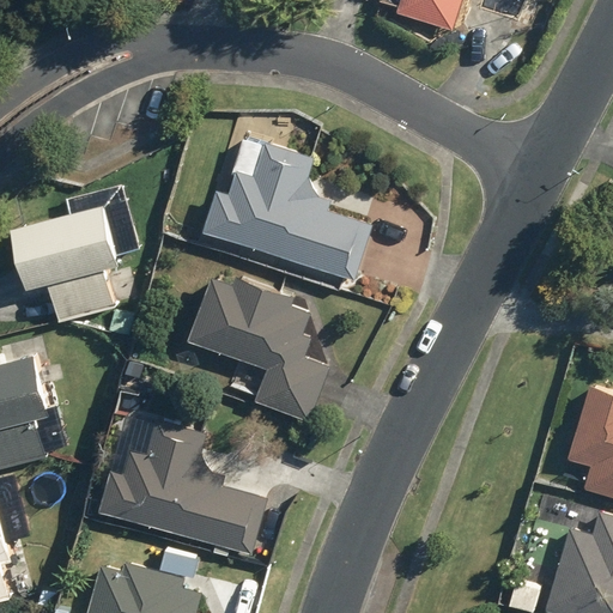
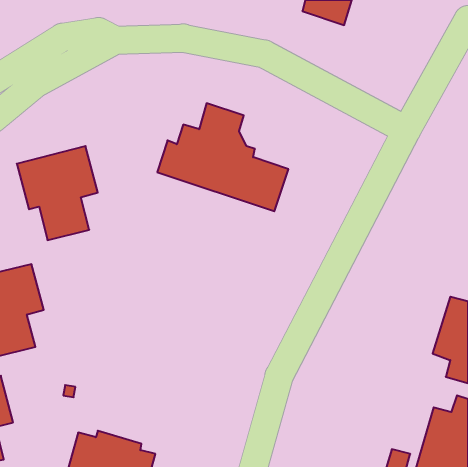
building: [189,278,329,423] -> none
building: [99,421,266,554] -> none

